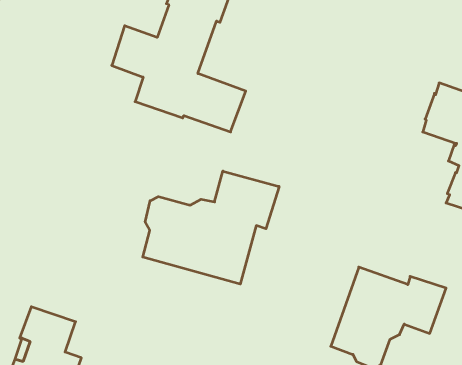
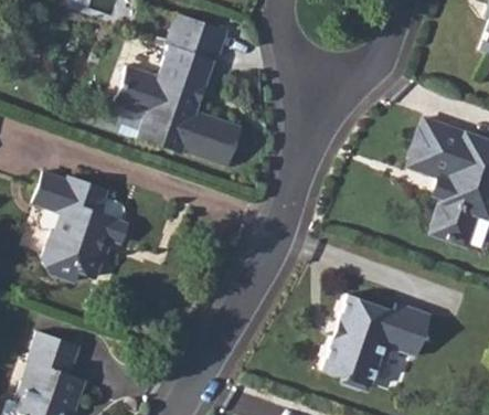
building: none -> [25,175,120,285]
building: [143,171,279,284] -> none

